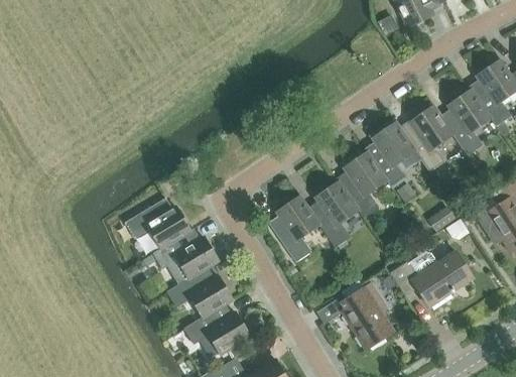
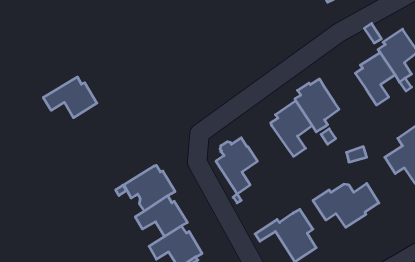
building: [402,105,454,172] -> none
building: [307,179,359,249] -> none
building: [125,198,191,248] -> [43,77,97,118]

